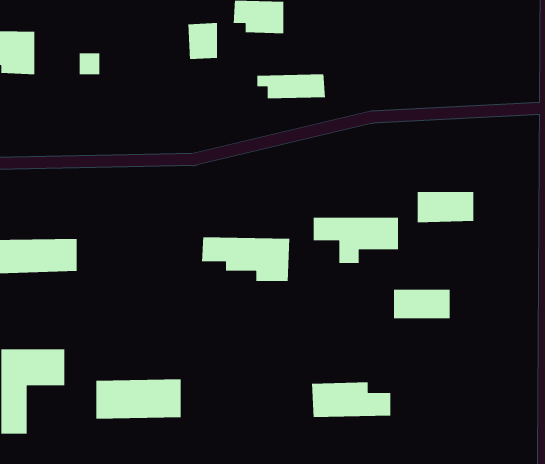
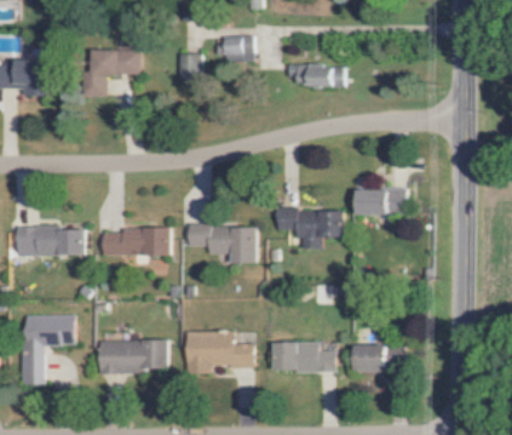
building: none -> [92,48,137,75]
building: [256,74,326,99] -> [286,65,341,86]
building: none -> [99,228,171,256]
building: [393,289,450,319] -> [356,345,402,370]
building: none -> [185,332,254,373]

